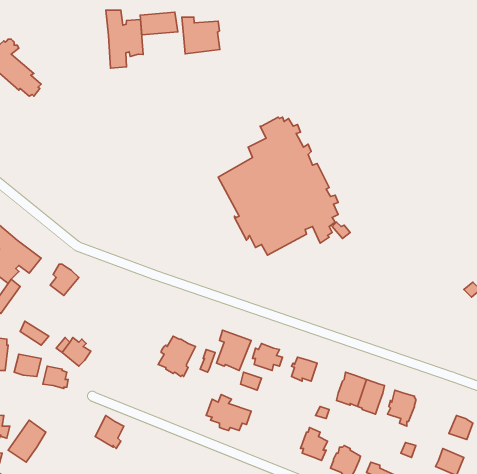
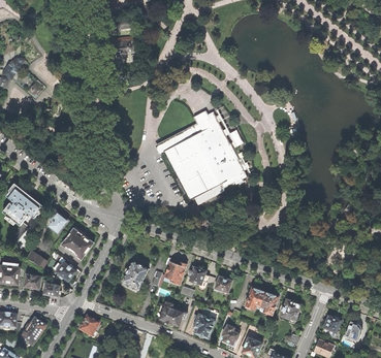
building: [106,10,143,68] -> none
building: [182,17,220,54] -> none
building: none -> [62,227,92,258]
building: none -> [192,308,218,336]

